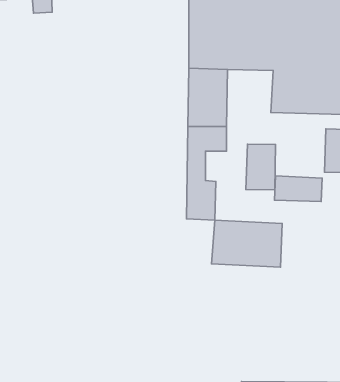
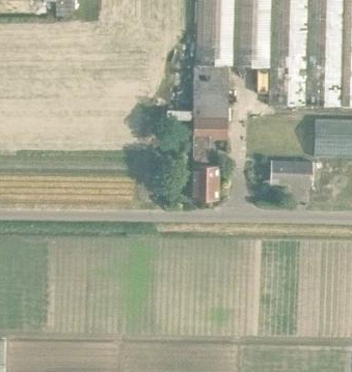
building: [246,144,275,190] -> none
building: [212,220,282,267] -> none

